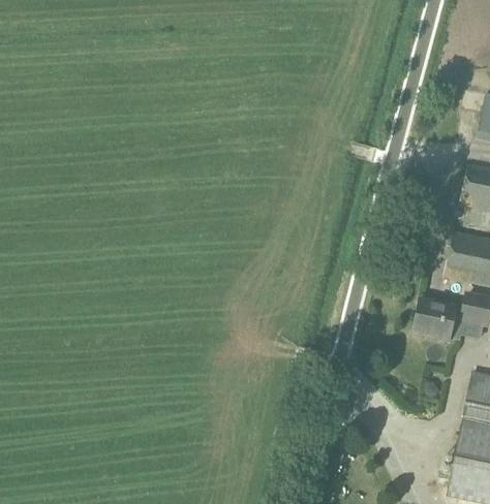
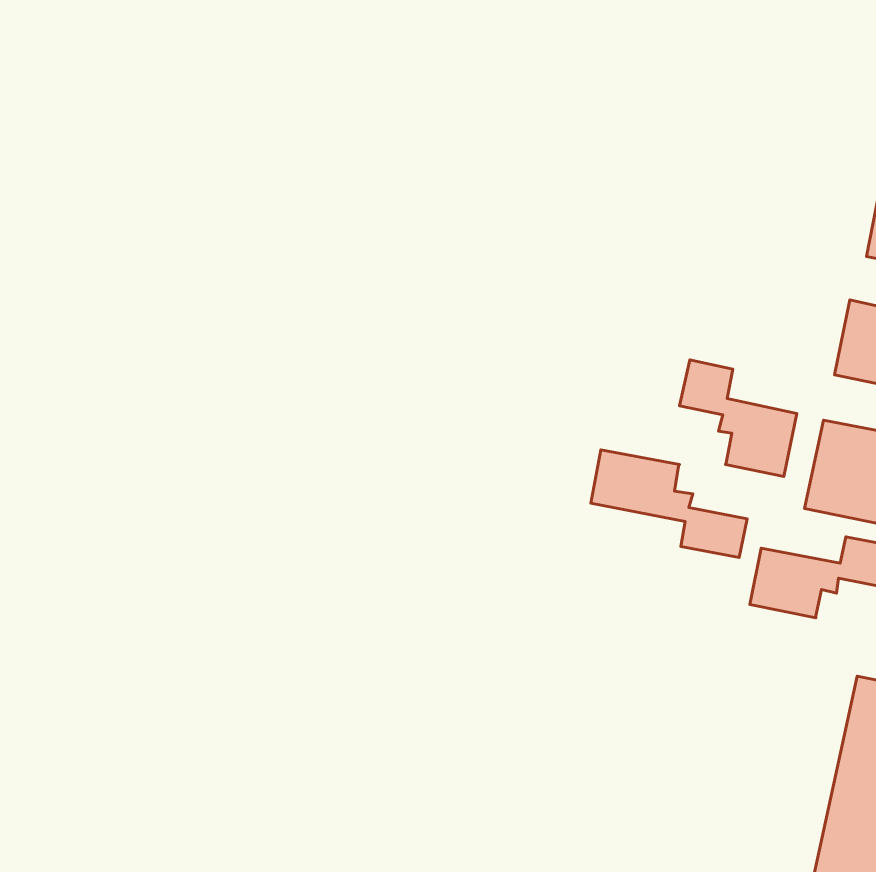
building: none -> [680,360,797,476]
building: none -> [591,450,747,558]

